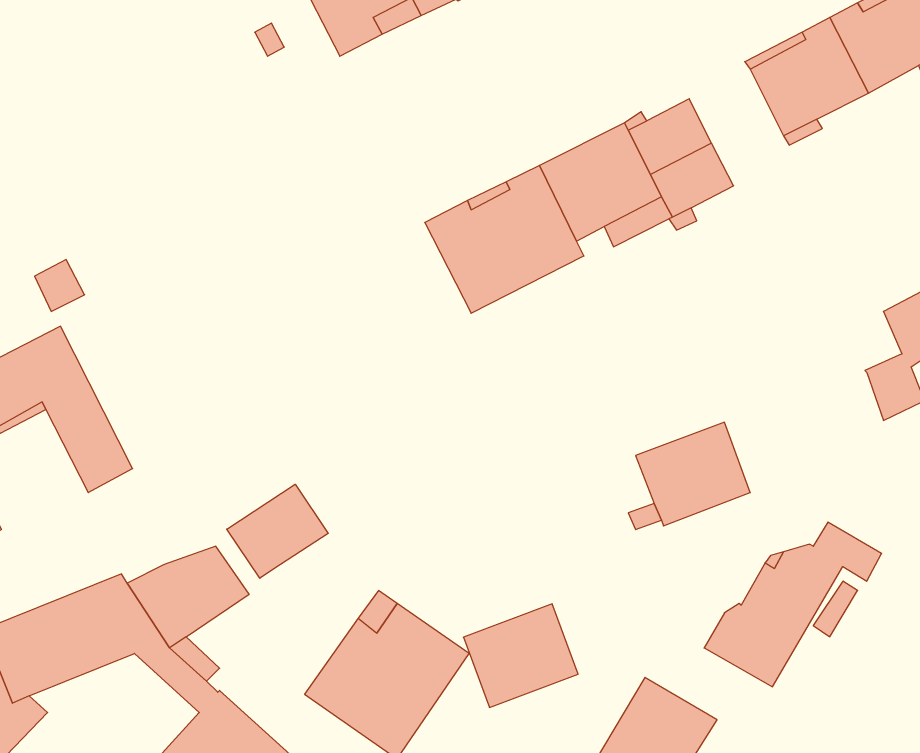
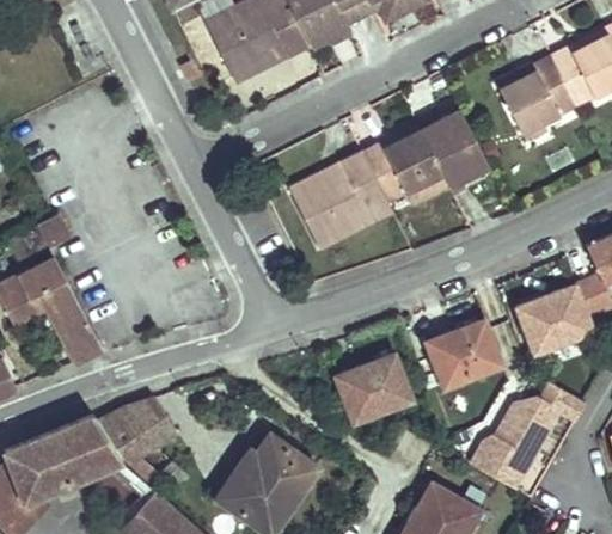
building: none -> [518,287,590,352]
building: [227,484,328,578] -> none
building: [463,604,578,707] -> [335,356,409,423]

